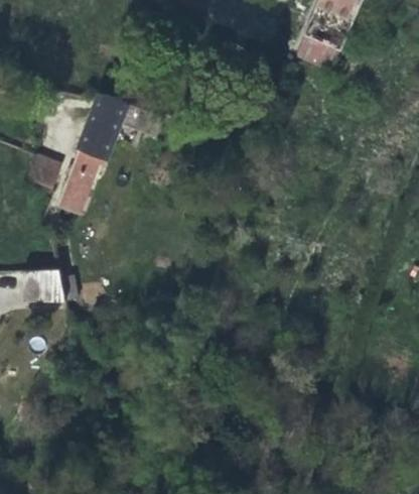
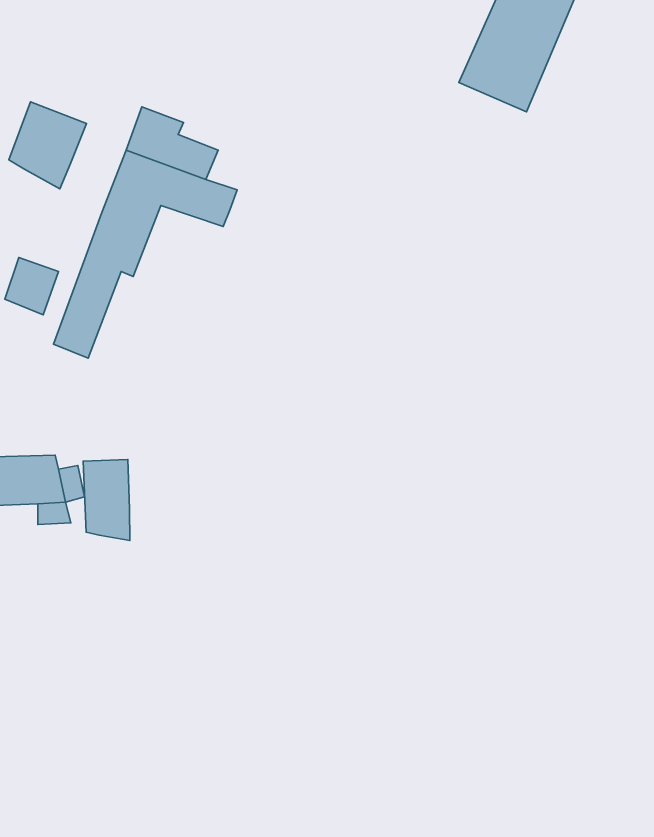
building: none -> [9,102,86,189]
building: none -> [83,460,130,541]

